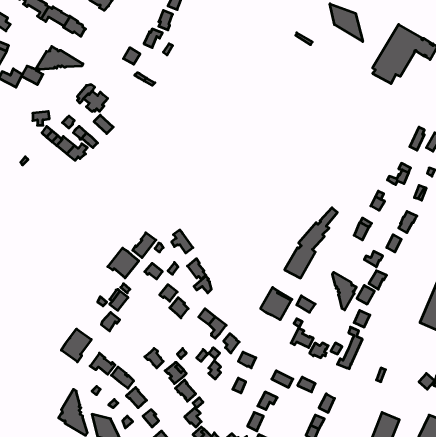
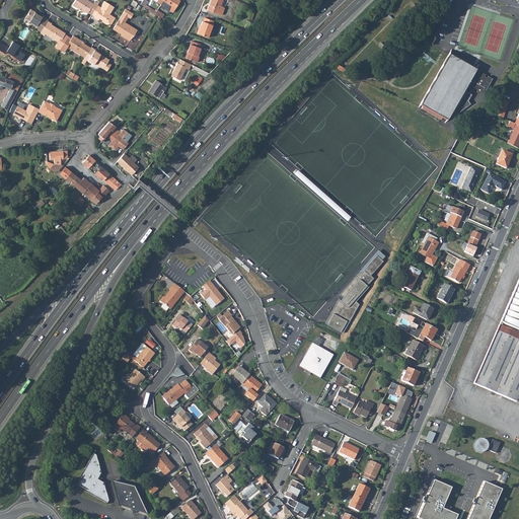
building: [330,4,363,42] -> none
building: [36,46,83,70] -> none
building: [108,248,139,278] -> none
building: [332,272,356,310] -> none
building: none -> [163,379,198,404]
building: [61,329,91,362] -> none

